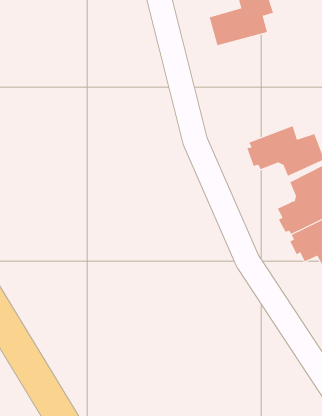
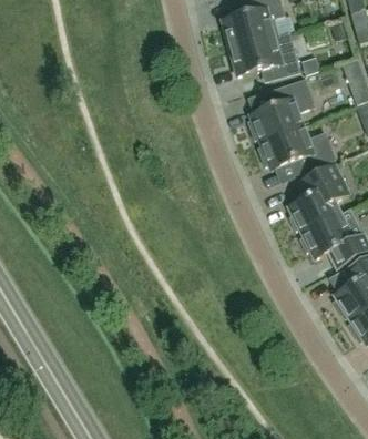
building: none -> [229,31,300,80]
building: none -> [248,80,315,142]

